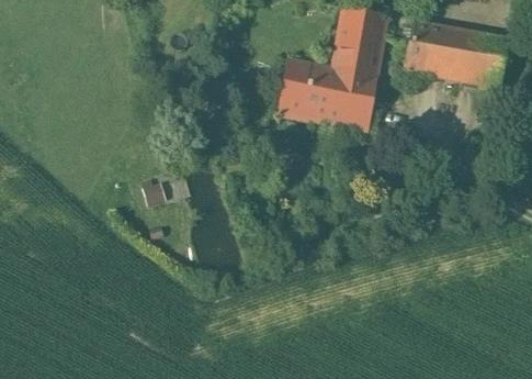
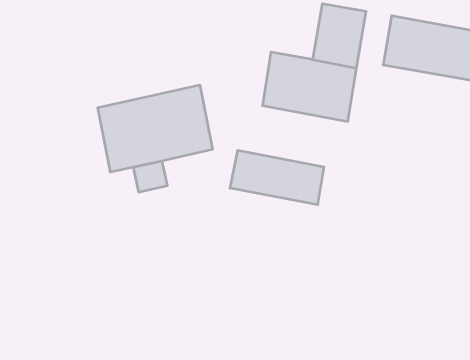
building: none -> [98,85,212,172]
building: none -> [230,150,324,205]

